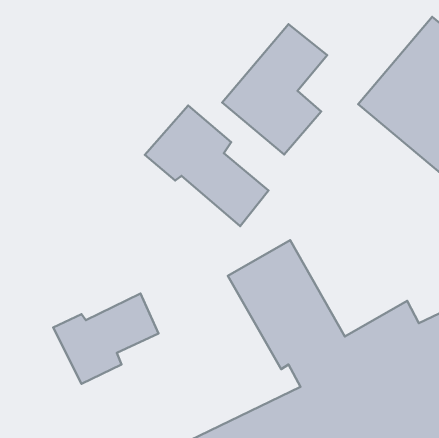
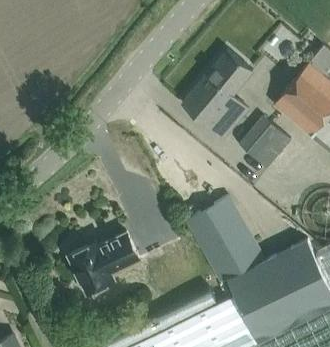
building: [145,106,269,226] -> none
building: none -> [239,116,291,168]

